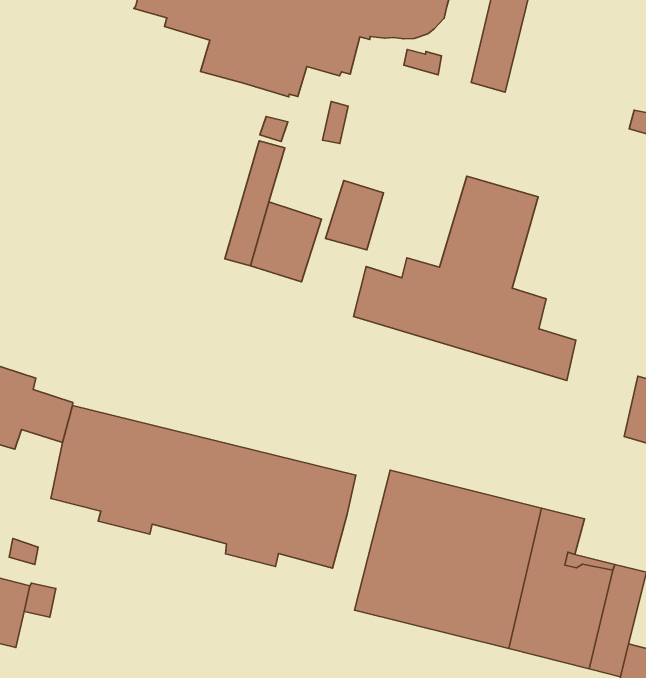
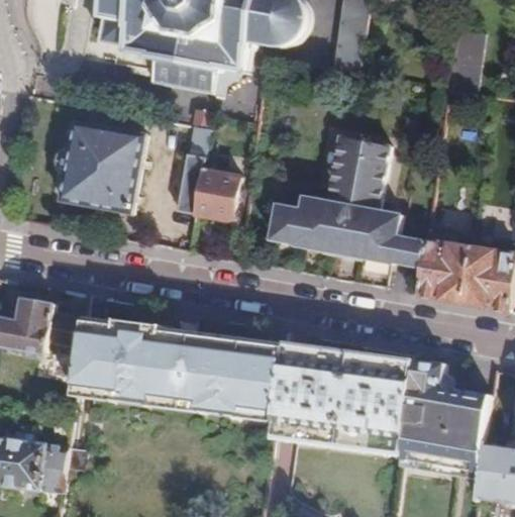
building: none -> [59,122,144,214]
building: [326,181,384,250] -> none
building: none -> [417,240,470,302]
building: none -> [271,340,306,441]

